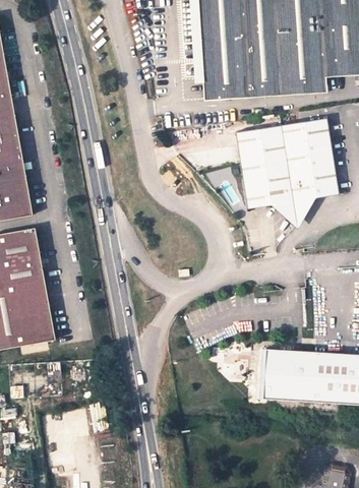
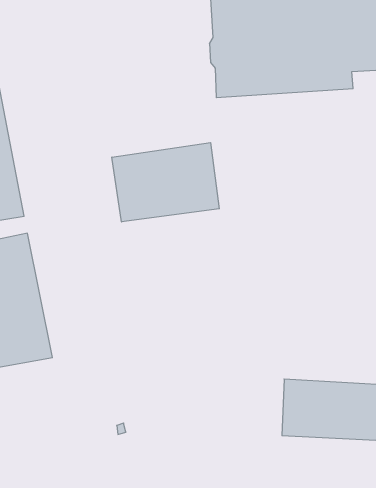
building: [234,118,337,224] -> none
building: none -> [112,143,219,222]

